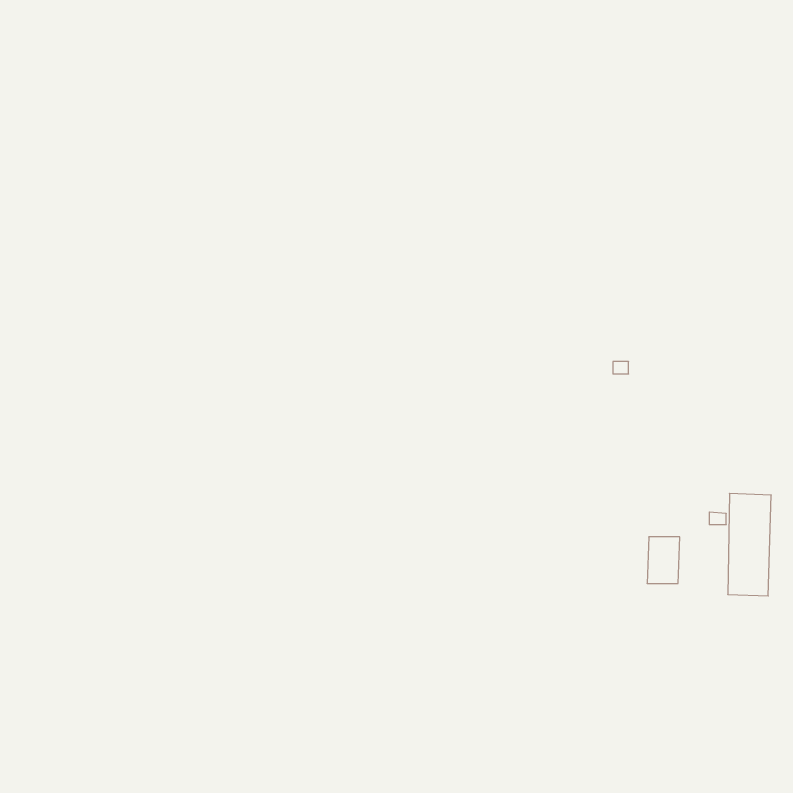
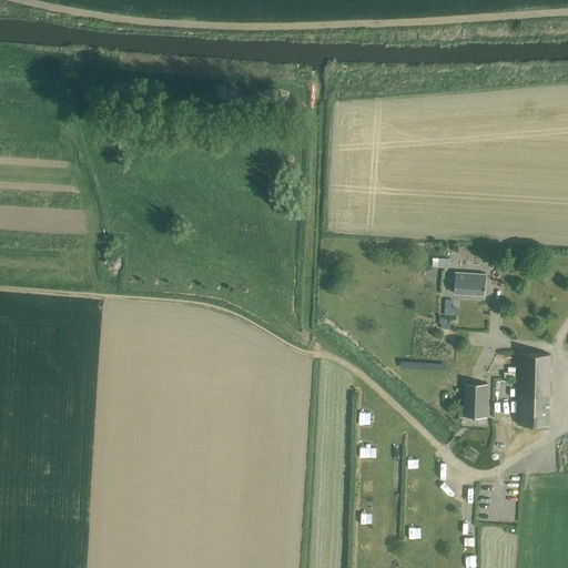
building: none -> [455,273,486,295]

